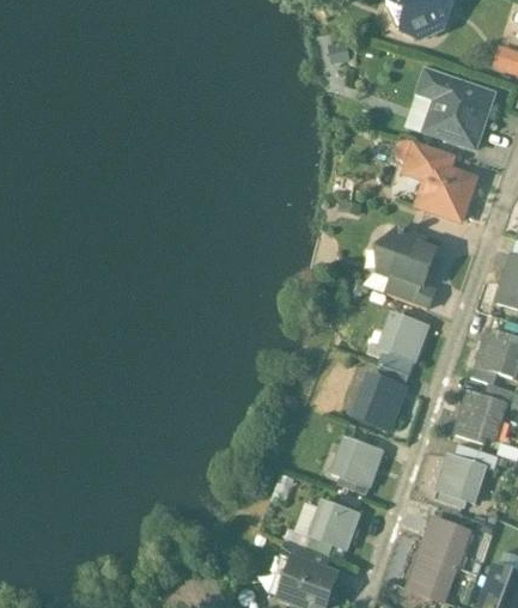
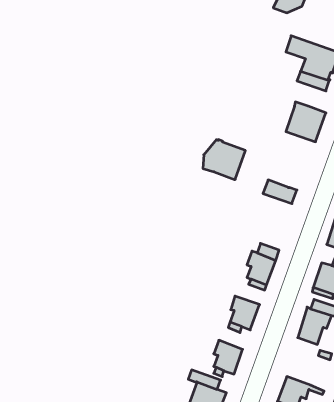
building: [407,142,453,170] -> none
building: [377,229,437,285] -> [203,140,245,179]
building: [385,314,426,360] -> none
building: [419,517,465,564] -> none

